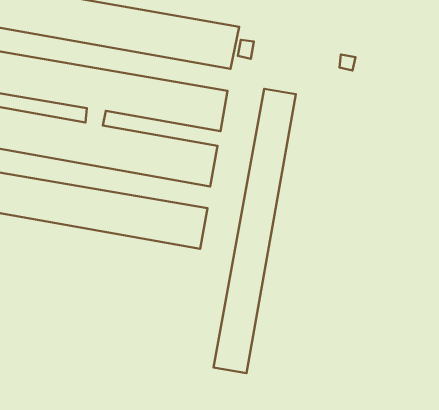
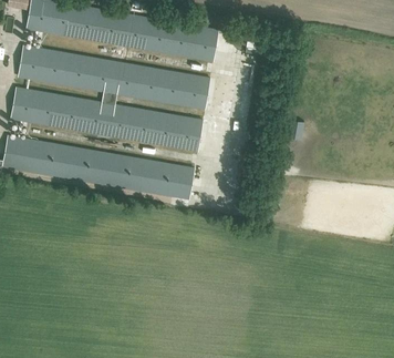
building: [213,89,296,373] -> none

